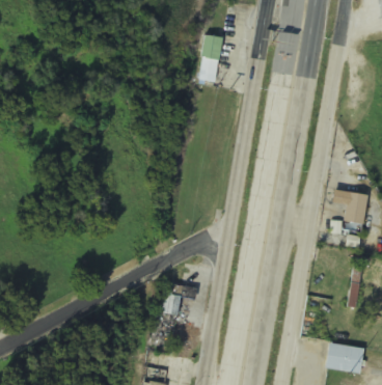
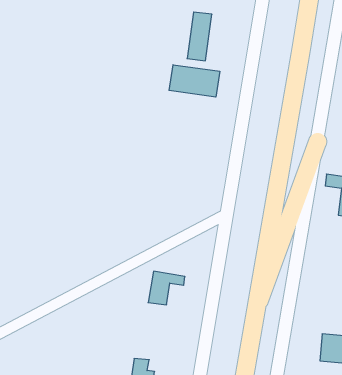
building: none -> [169,65,220,97]

